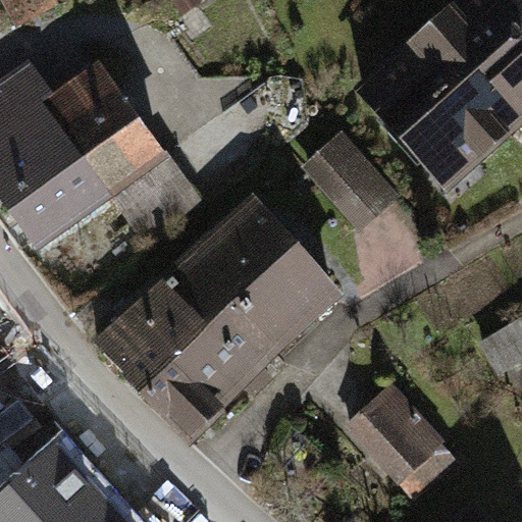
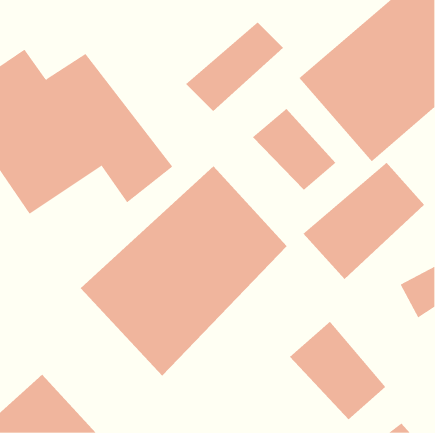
building: none -> [185,22,284,112]
building: none -> [303,162,425,280]

